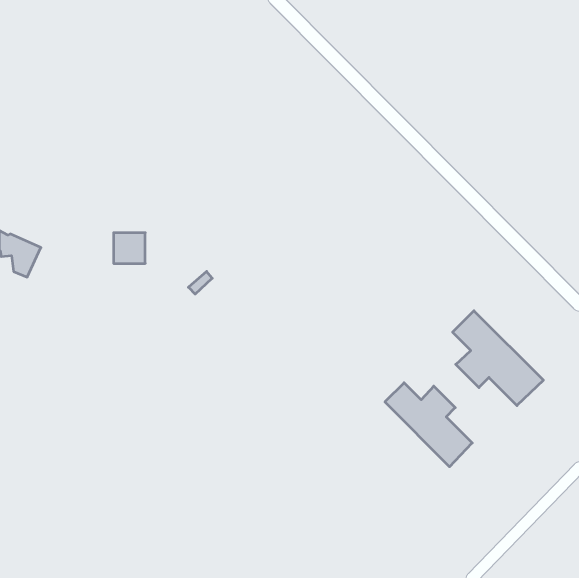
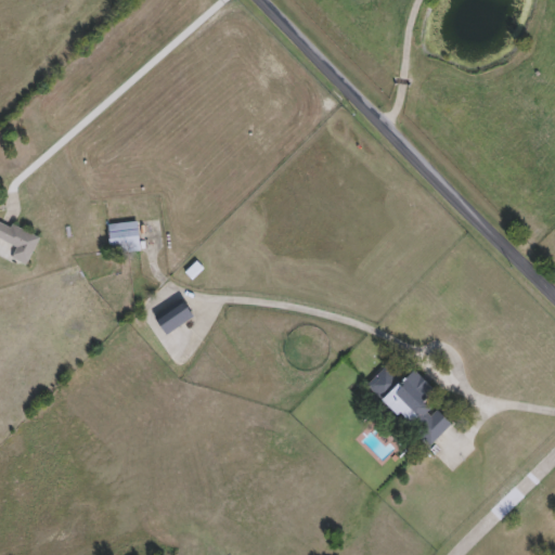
building: [453,311,543,406] -> none
building: none -> [156,298,192,335]

